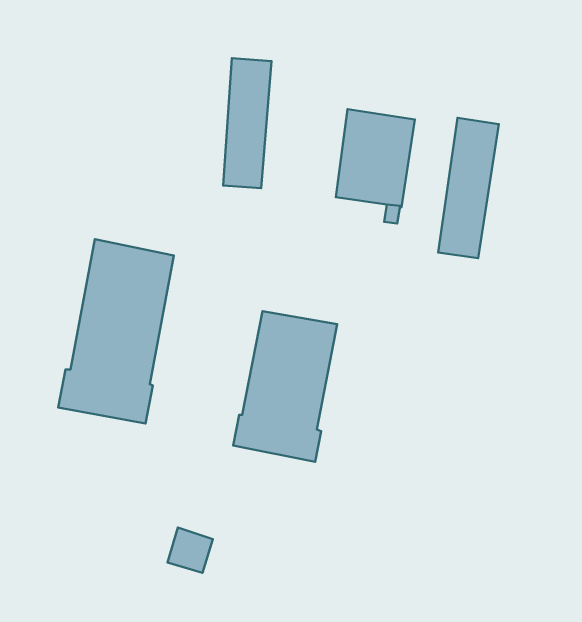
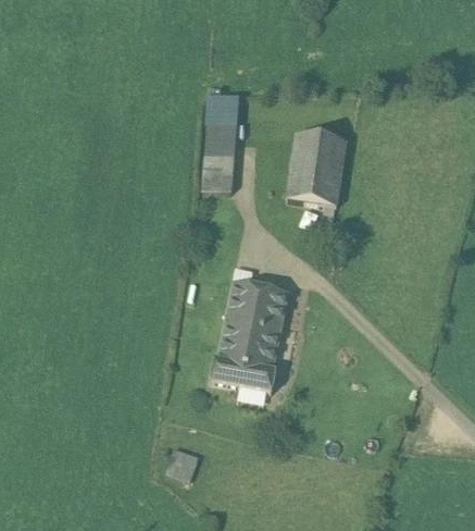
building: [438,118,499,258] -> none
building: [58,239,174,423] -> none

